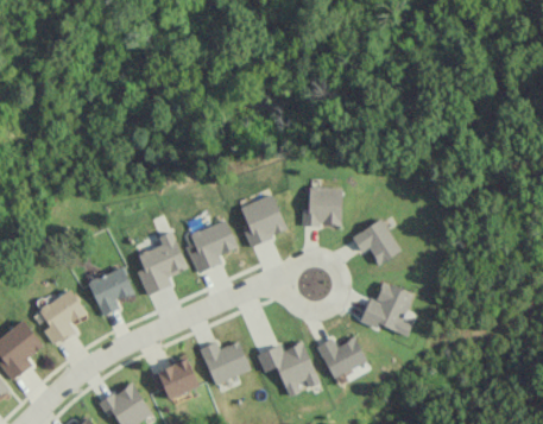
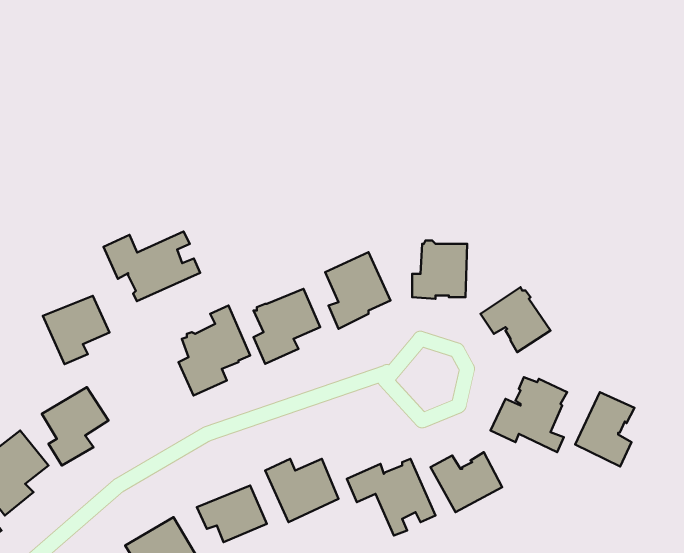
building: none -> [104,232,200,301]
building: [88,266,135,315] -> [43,296,110,364]
building: none -> [575,392,635,466]

